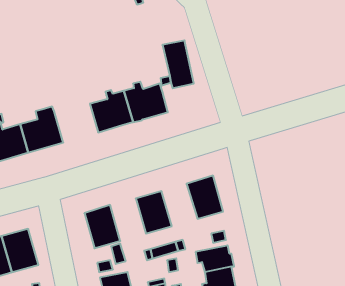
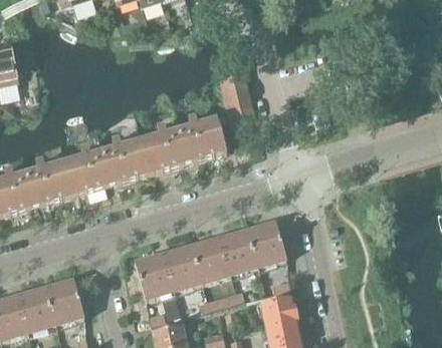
building: none -> [101,139,150,184]
building: none -> [219,229,258,275]
building: none -> [163,245,202,291]

